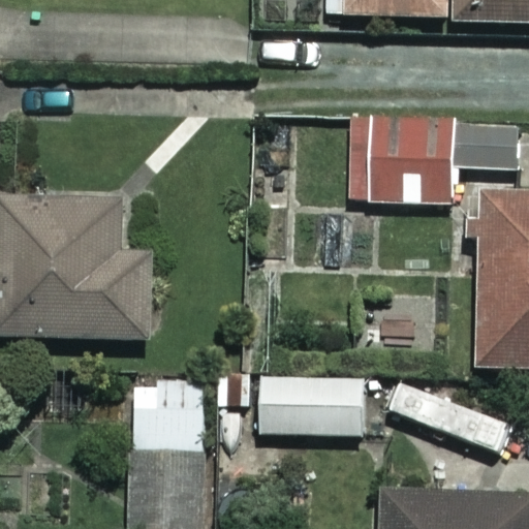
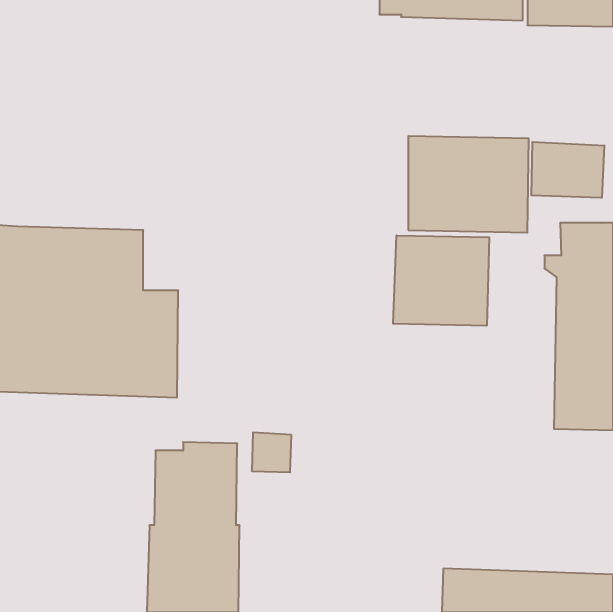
building: none -> [393,235,489,326]
building: [259,376,365,437] -> none

